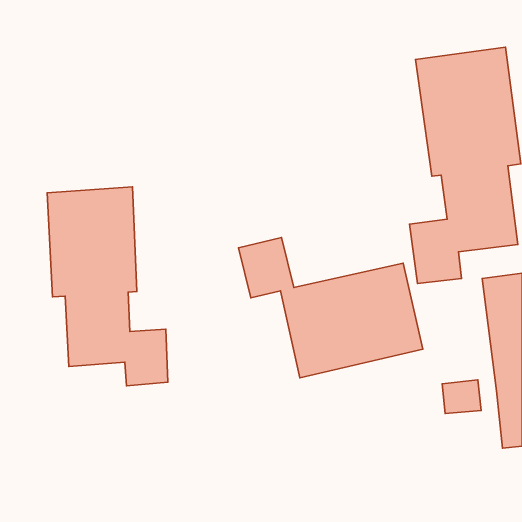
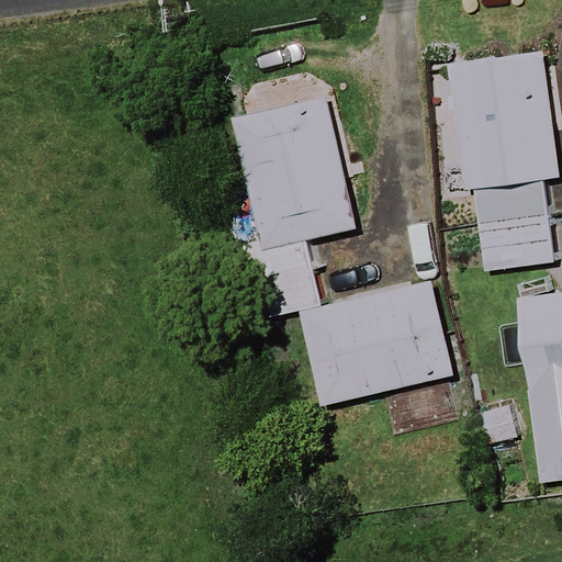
building: none -> [235,98,355,248]
building: [47,187,168,386] -> none

